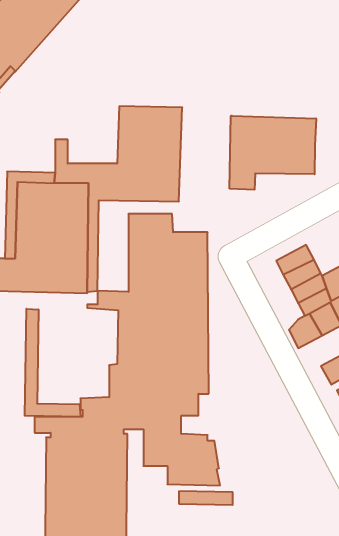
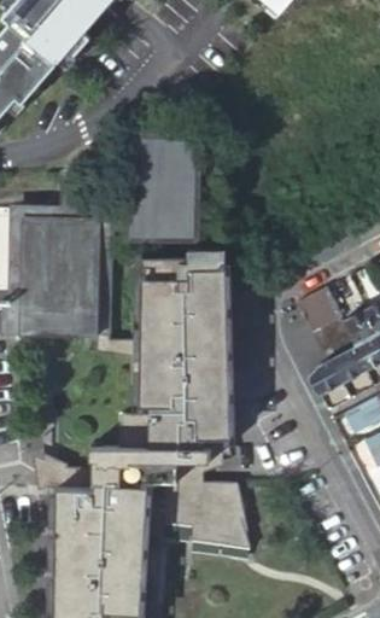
building: [230,116,316,190] -> none
building: [25,309,80,417] -> none

